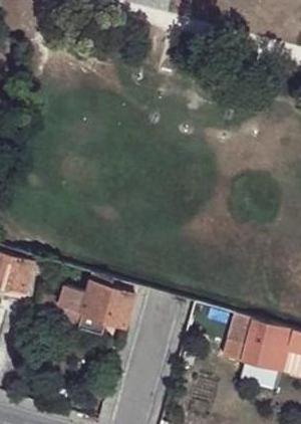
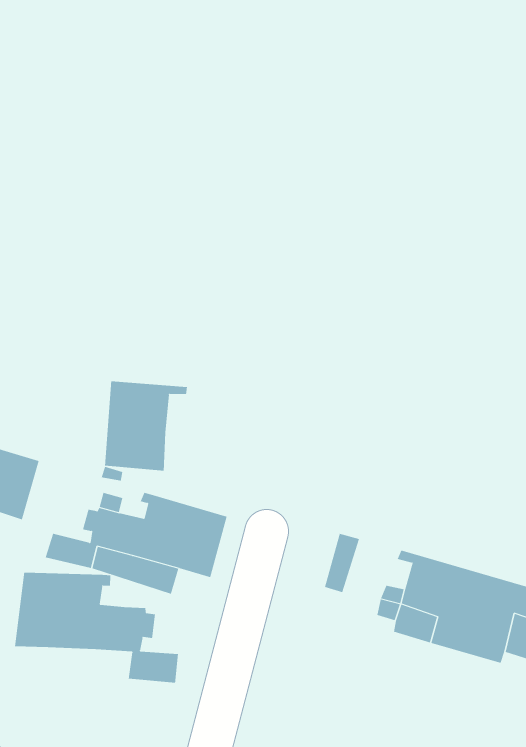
building: none -> [105,381,187,472]
building: none -> [15,572,178,683]

